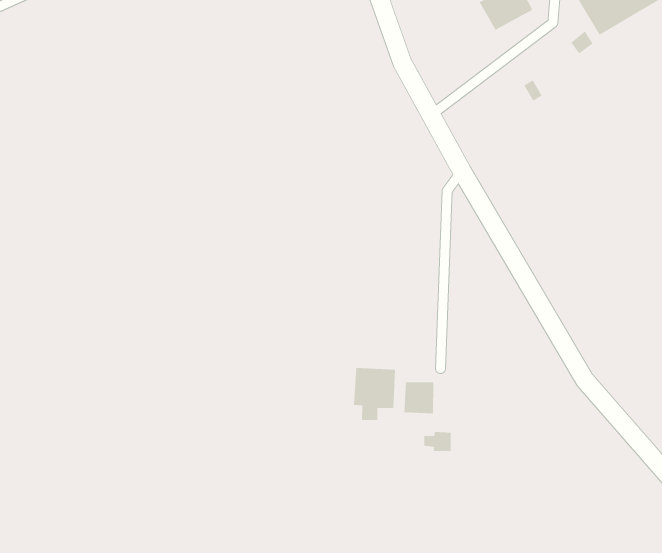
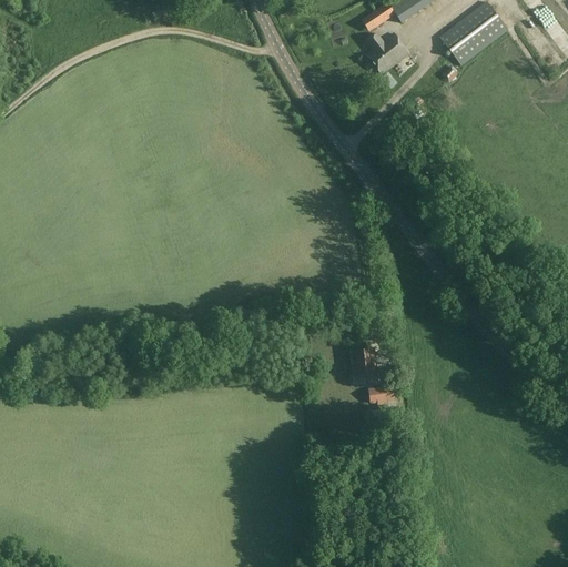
building: [353,367,396,421] -> none

